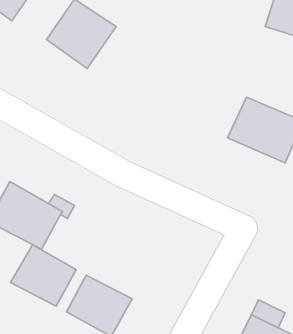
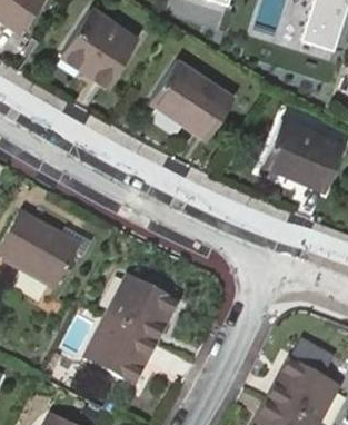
building: none -> [148,61,235,141]
building: [11,245,76,306] -> [103,276,177,345]

